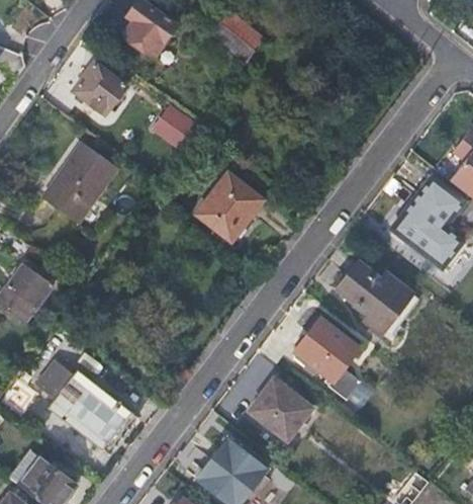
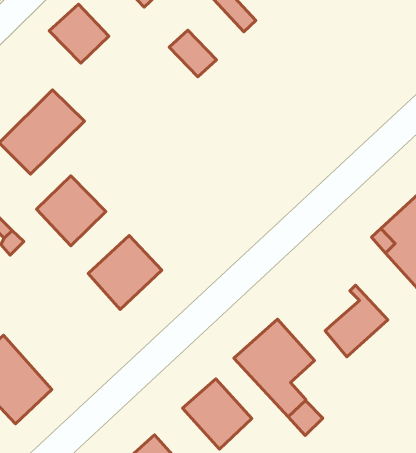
building: [152,108,196,149] -> [169,30,217,77]
building: [196,174,262,242] -> [88,235,162,309]
building: none -> [37,176,106,246]
building: [337,260,391,314] -> none

